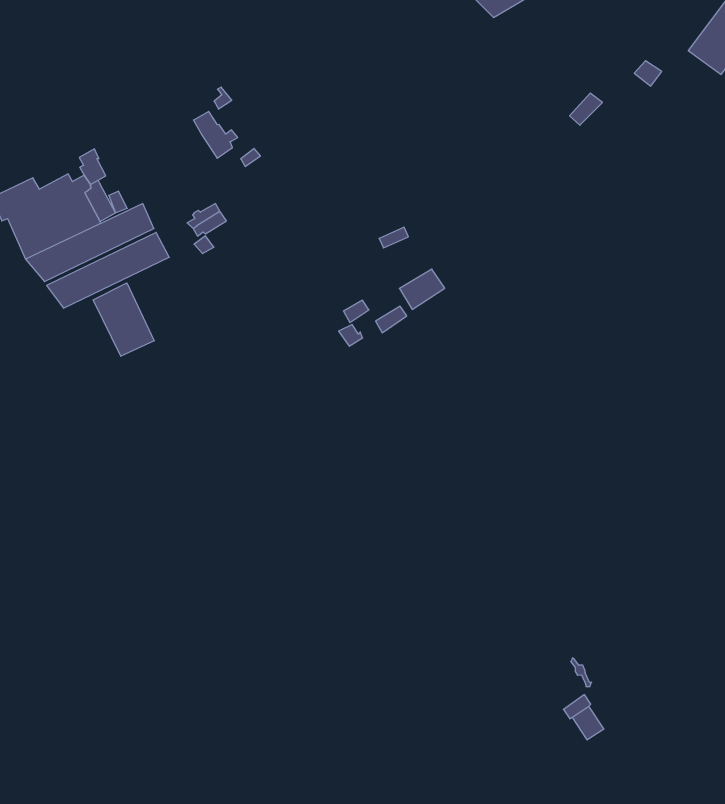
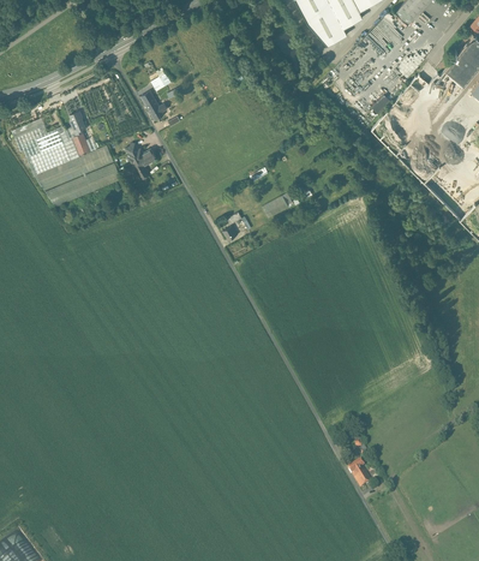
building: [93,283,154,356] -> none

